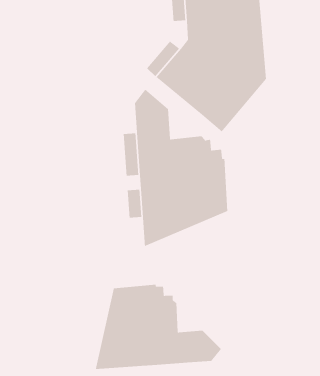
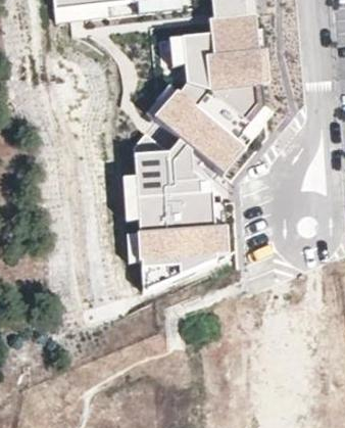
building: [95,284,222,370] -> none

